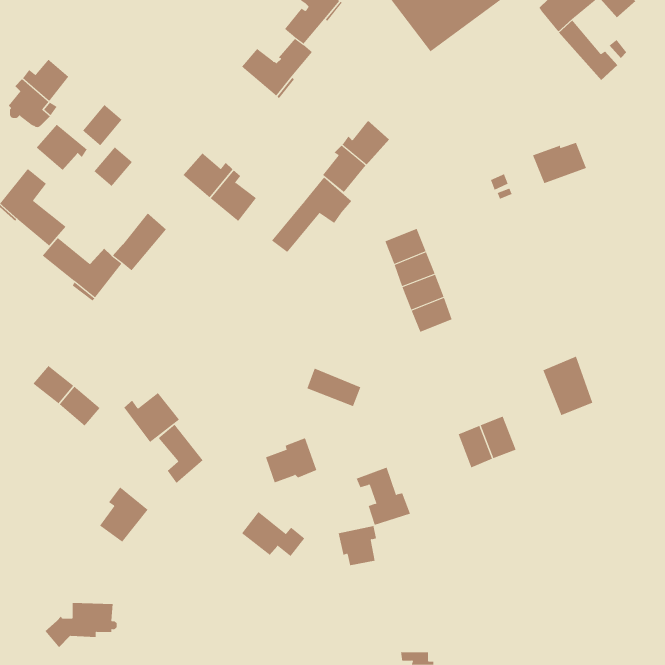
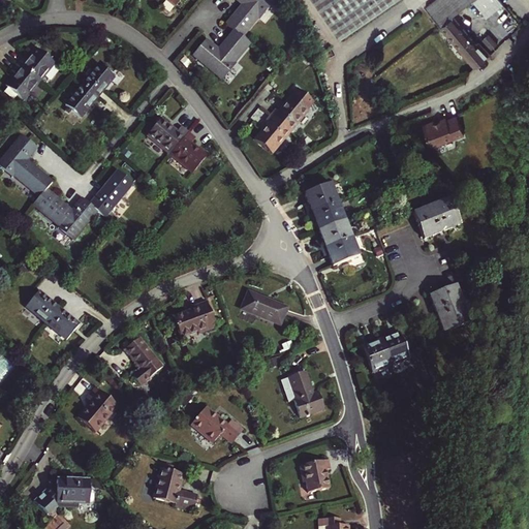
building: [36,124,87,171] -> none
building: [94,146,133,187] -> [83,63,114,95]
building: [271,177,352,253] -> none
building: none -> [413,197,461,237]
building: [124,392,180,443] -> none
building: [265,438,317,483] -> [174,300,215,336]
building: [338,525,377,566] -> [299,457,330,489]
building: none -> [152,466,195,508]

